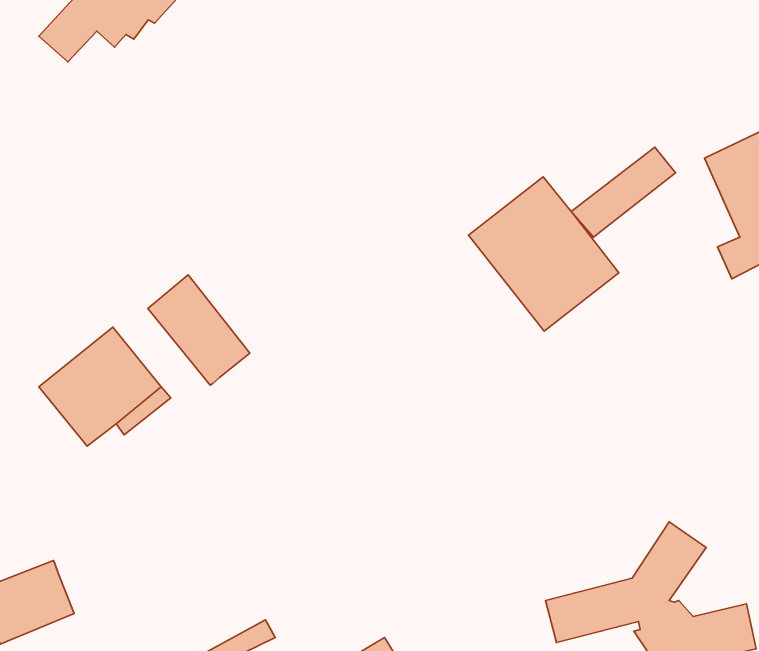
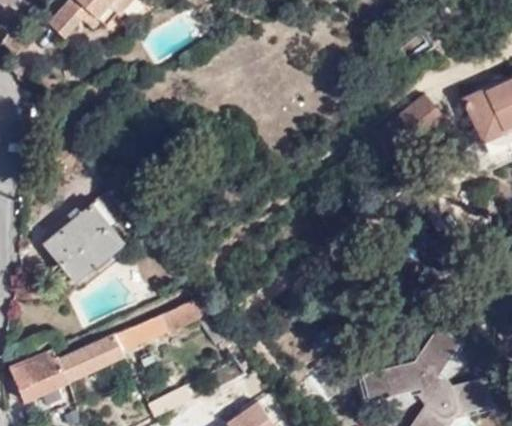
building: [469,177,619,331] -> none
building: [148,275,250,385] -> none
building: none -> [58,302,203,383]

